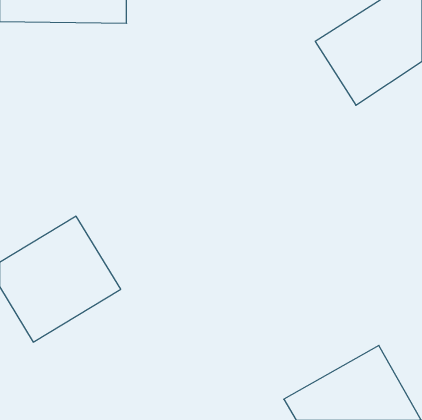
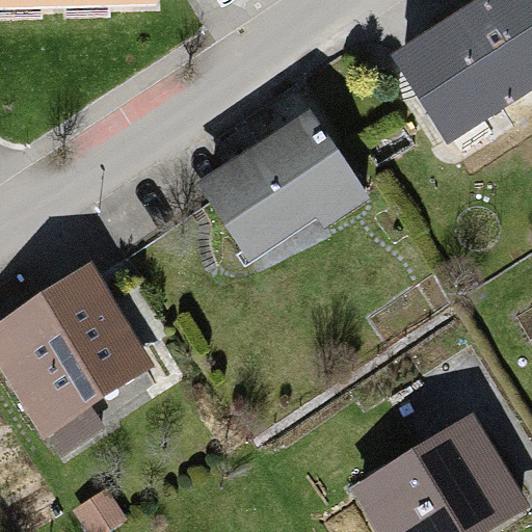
building: none -> [204,112,358,249]

